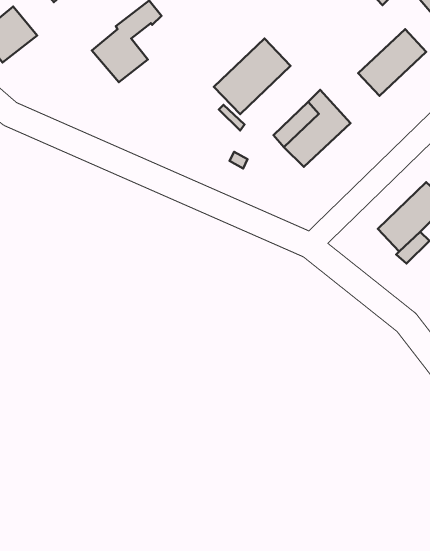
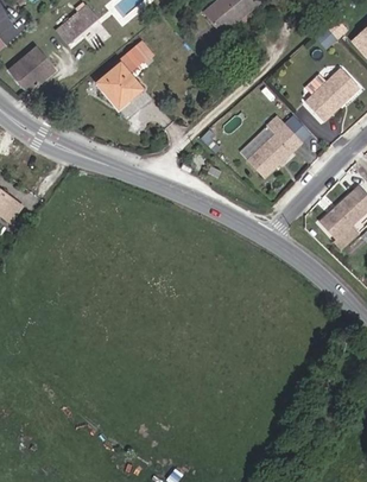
building: [214,39,291,114] -> none

